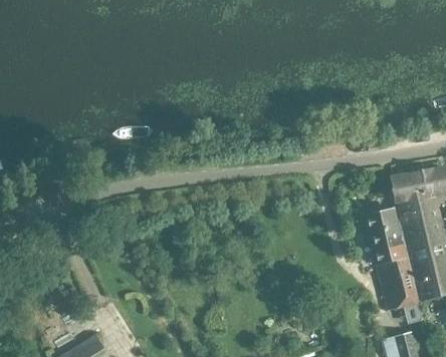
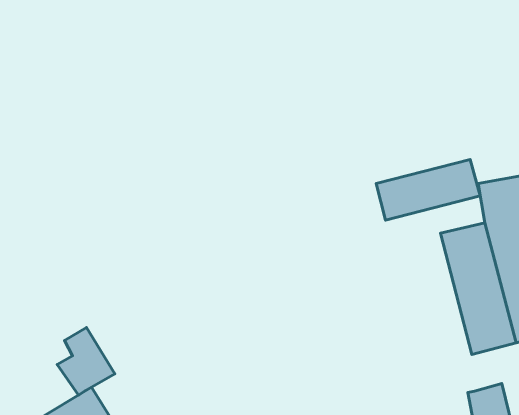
building: none -> [376,159,480,220]
building: none -> [57,327,115,395]

